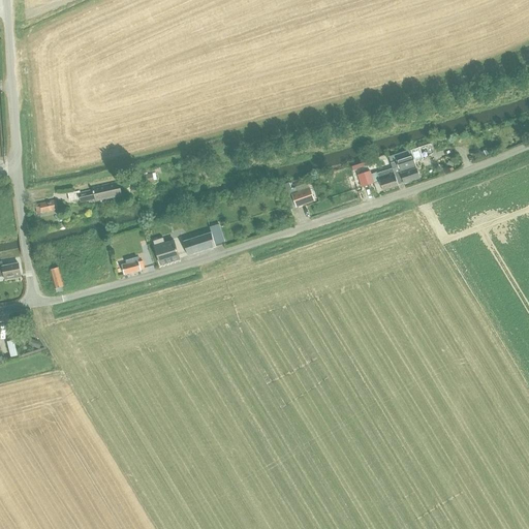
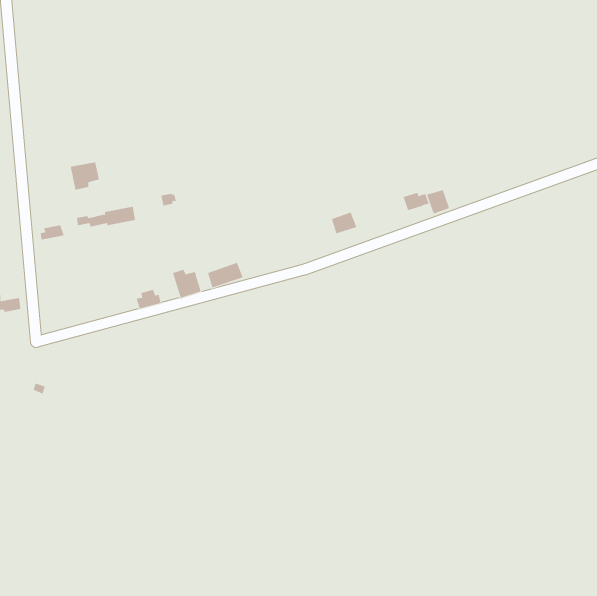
building: none -> [70,161,100,190]
building: [387,148,418,183] -> none

